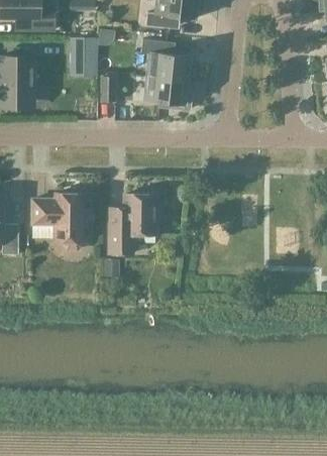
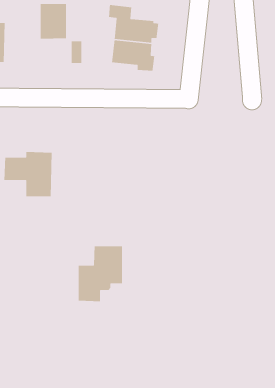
building: [108,194,155,253] -> [78,246,123,302]

